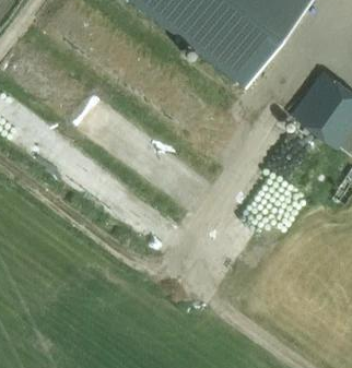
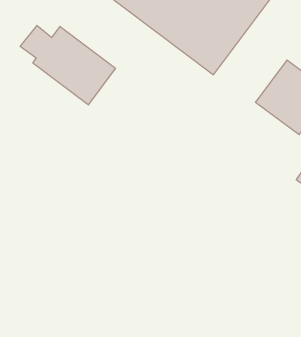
building: none -> [20,25,115,105]

